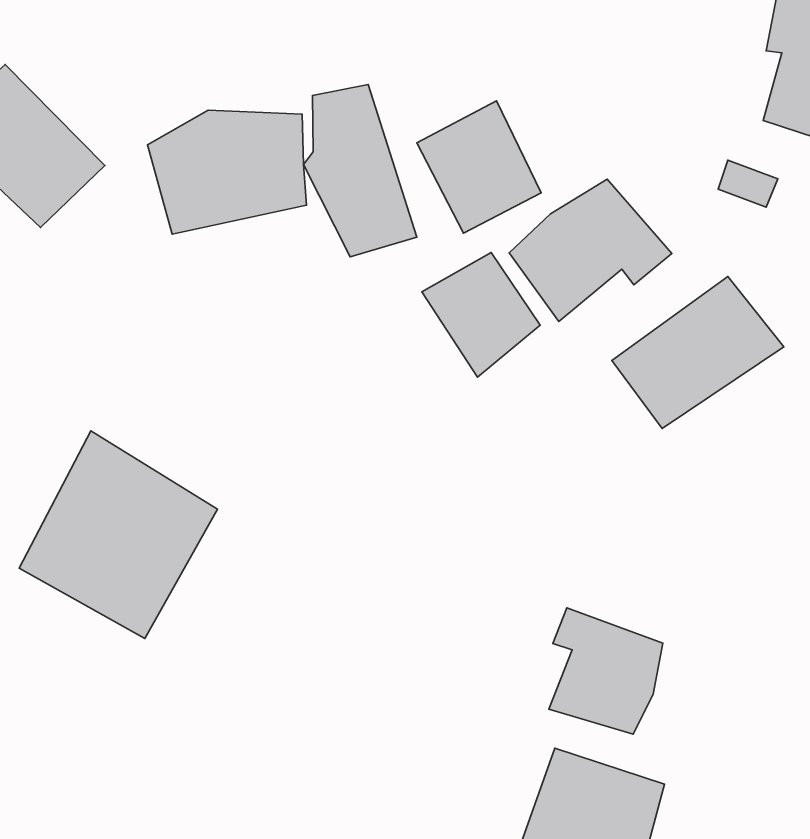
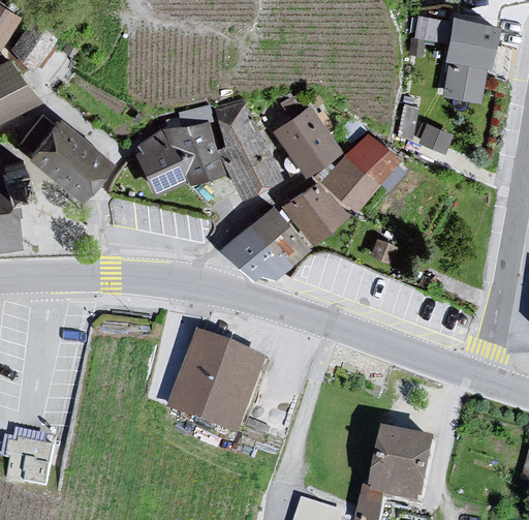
building: [612,277,784,429] -> none
building: none -> [221,205,307,284]
building: [19,431,218,638] -> [170,334,269,437]
building: [549,608,663,734] -> none

